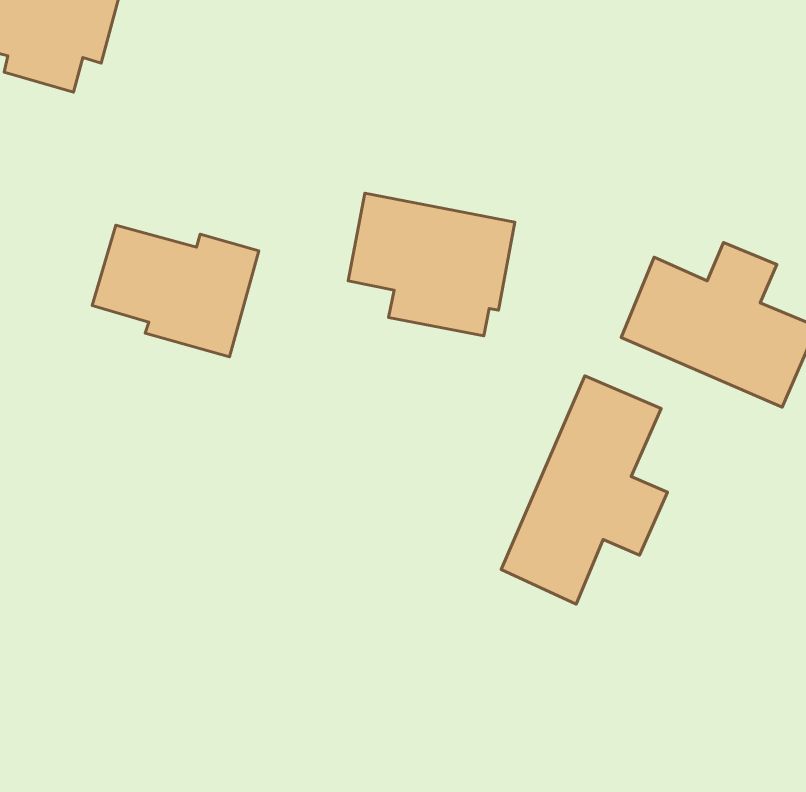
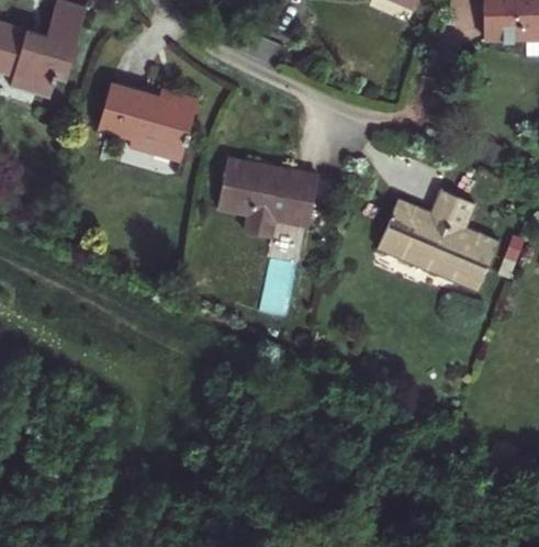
building: [92,225,259,357] -> [98,82,198,161]
building: [501,376,668,604] -> none

